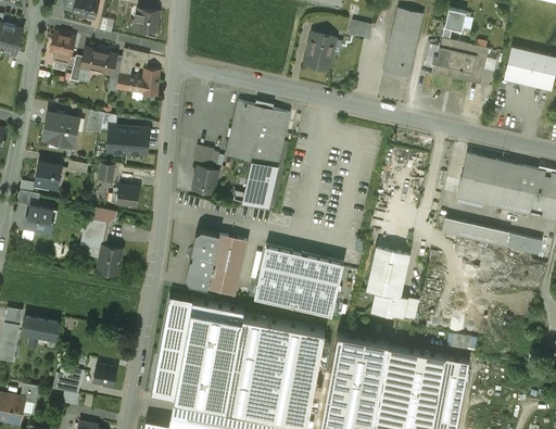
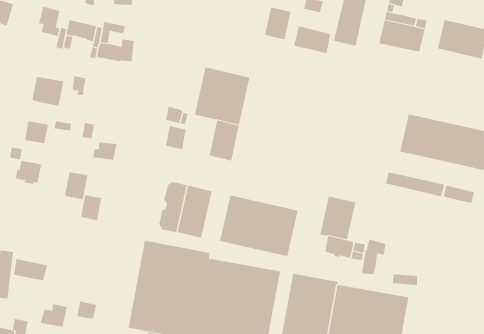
building: none -> [293,26,331,54]
building: [115,125,147,152] -> none
building: none -> [360,239,386,275]

